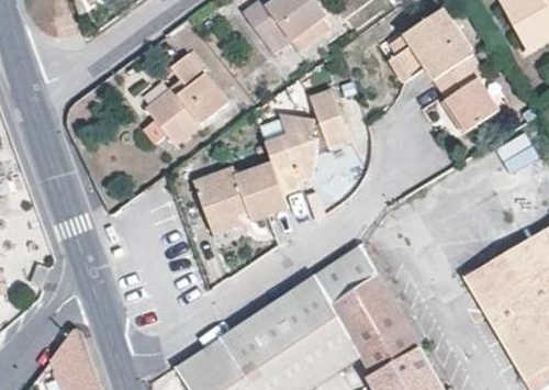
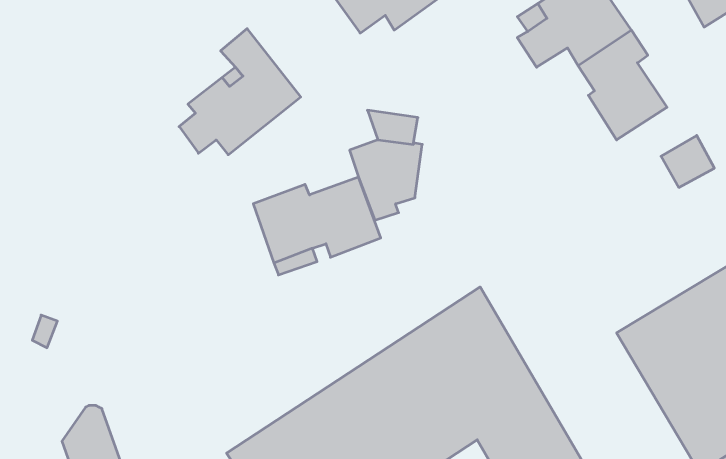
building: [309,89,349,151] -> none

